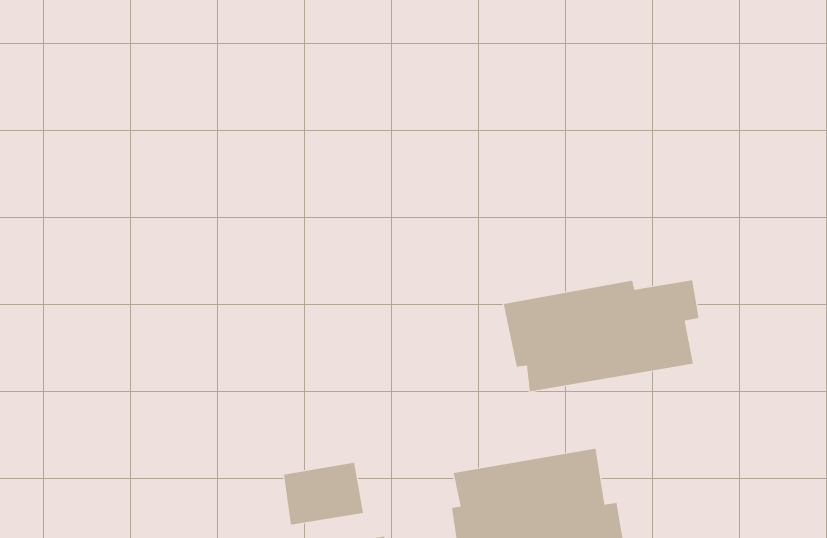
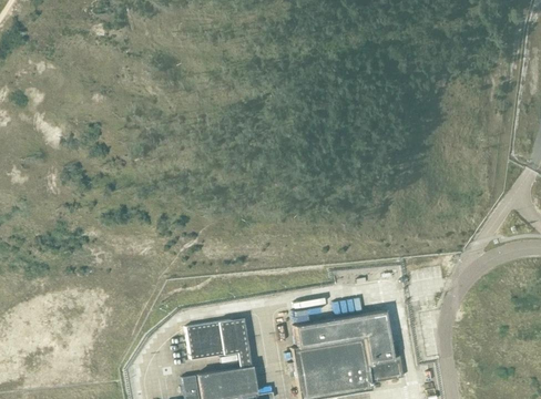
building: [503,279,699,392] -> none

